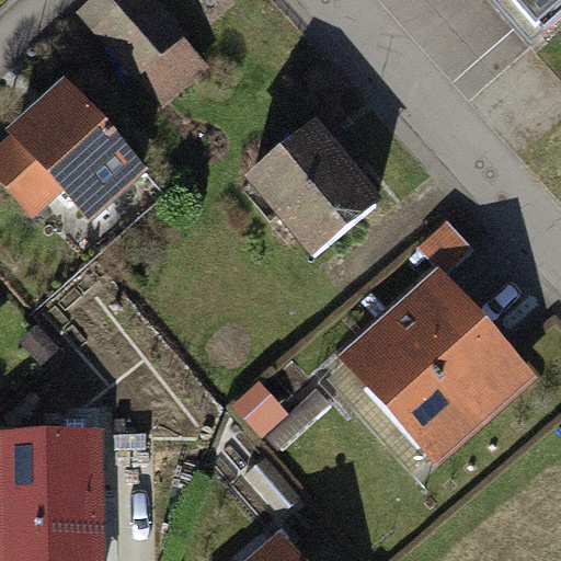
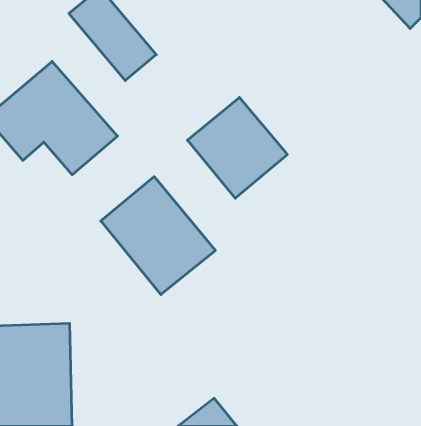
building: none -> [101,177,215,295]
building: [345,270,530,455] -> none

